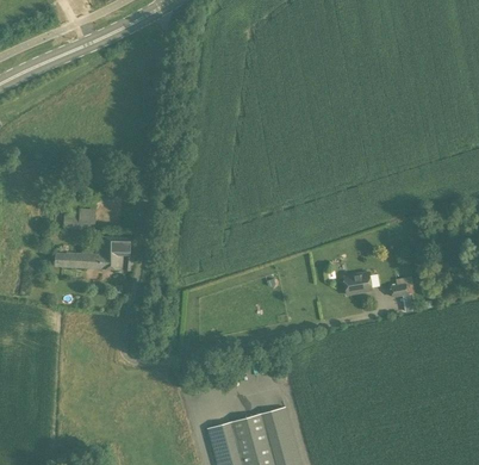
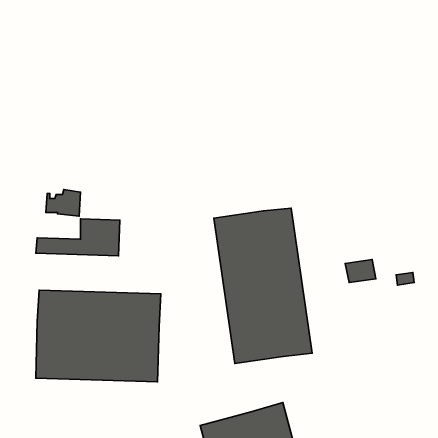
building: none -> [214,208,312,363]
building: none -> [36,290,161,382]

